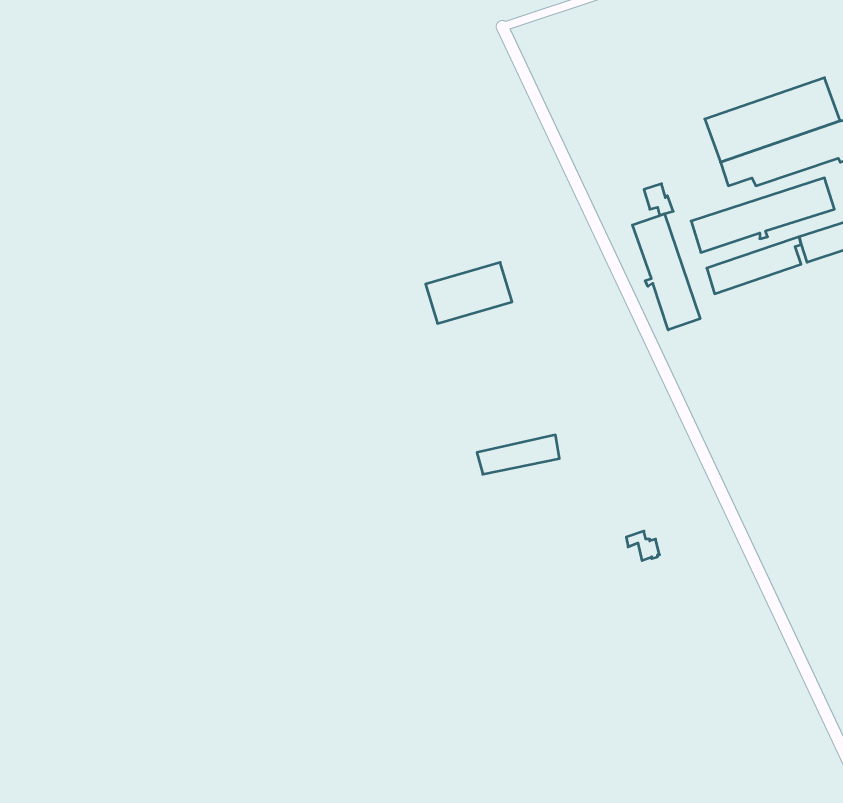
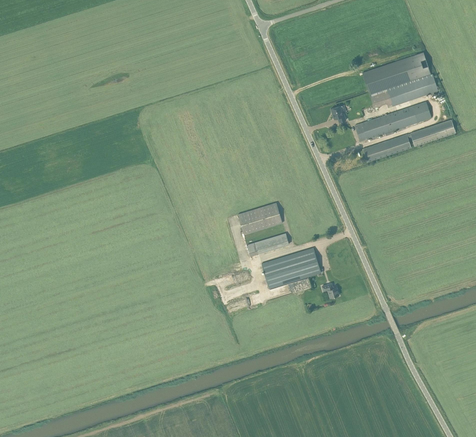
building: [632,214,700,330] -> none
building: [426,262,512,323] -> [238,203,282,234]
building: none -> [262,248,321,288]

